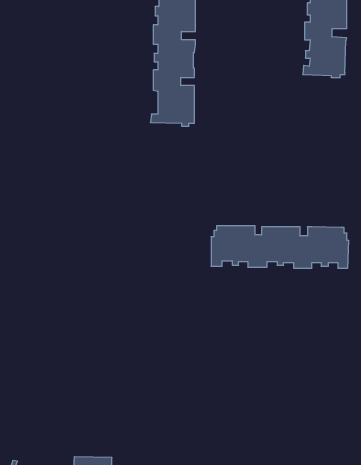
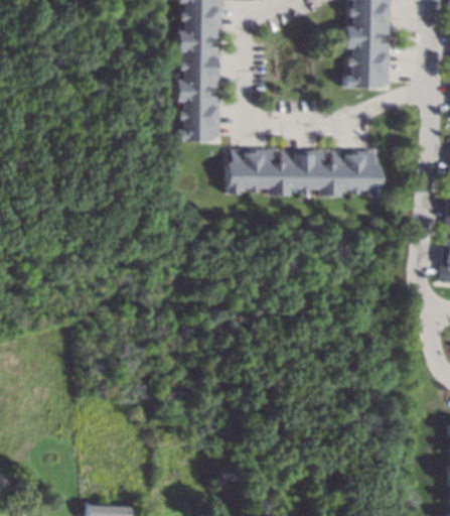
building: [211,226,349,268] -> [229,150,380,197]

